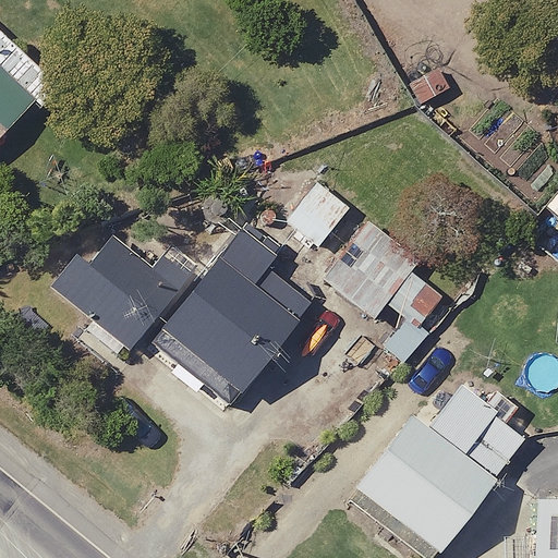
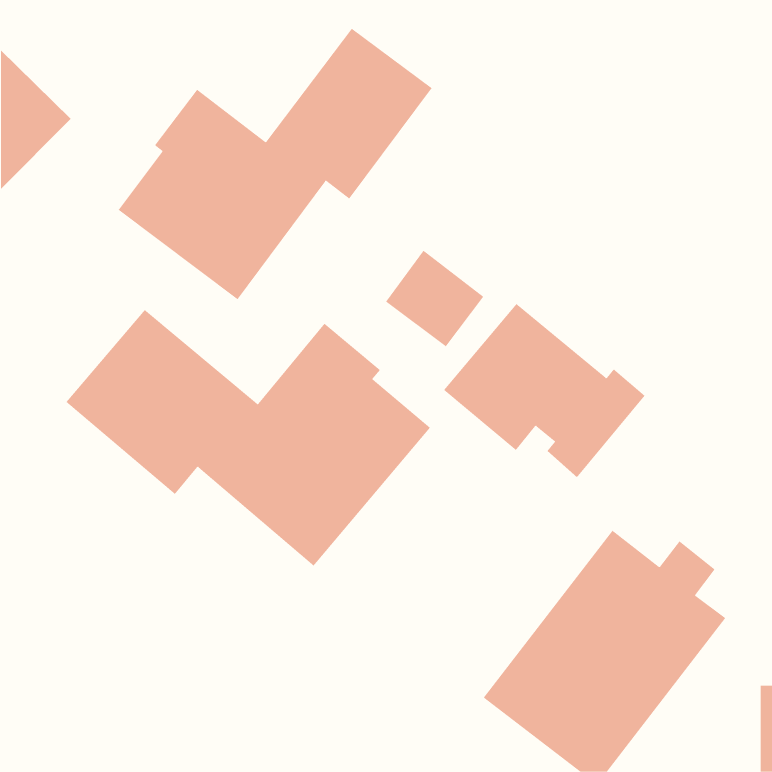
building: none -> [118,28,433,300]

